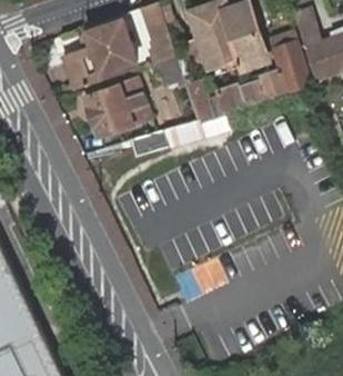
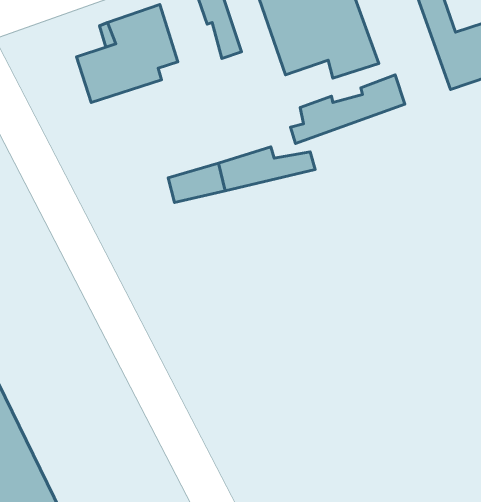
building: [273,41,309,93] -> none
building: [82,85,142,136] -> none

